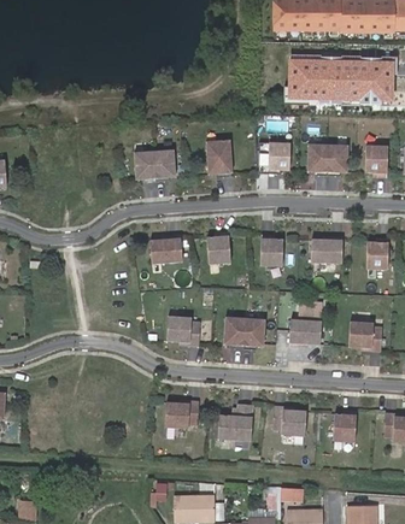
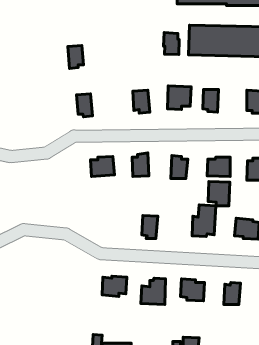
building: none -> [163,33,179,54]
building: [327,146,347,177] -> none
building: [153,151,175,182] -> [68,46,84,69]
building: none -> [208,182,230,206]
building: [170,318,204,347] -> none
building: [242,319,264,351] -> none

